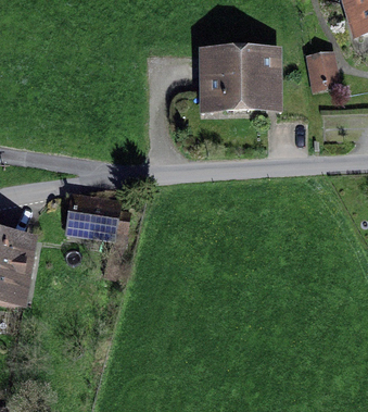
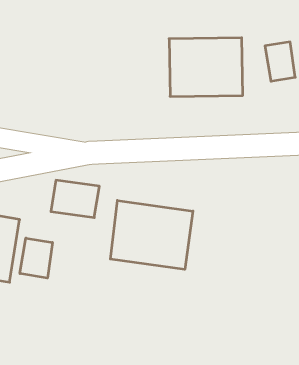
building: none -> [110,200,193,269]
building: none -> [20,238,52,278]

